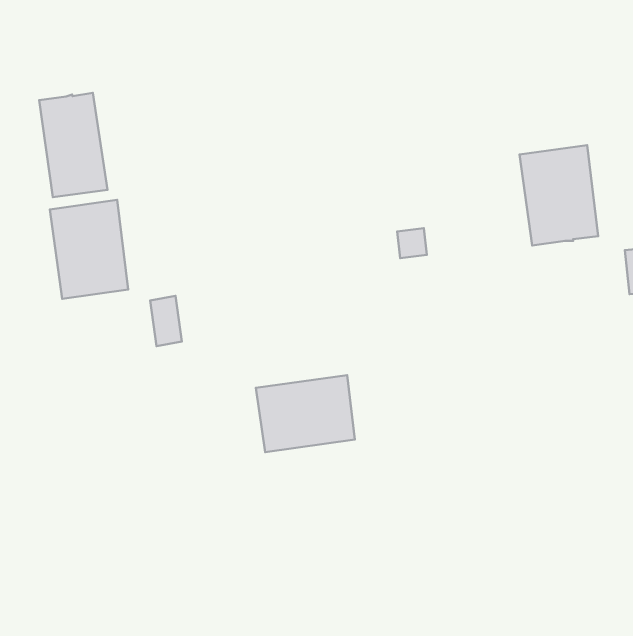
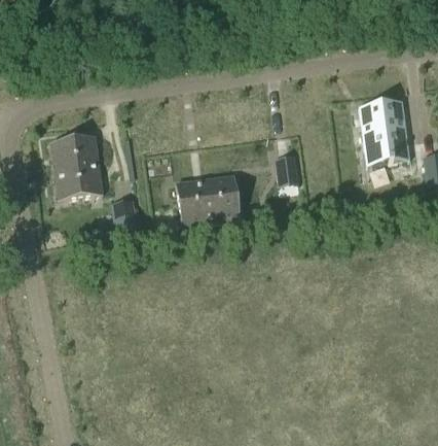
building: [39,93,108,197] -> none
building: [256,375,355,452] -> [175,174,240,225]

